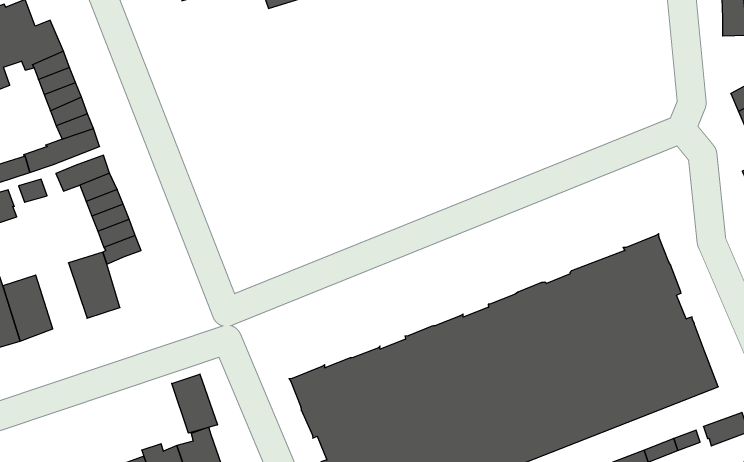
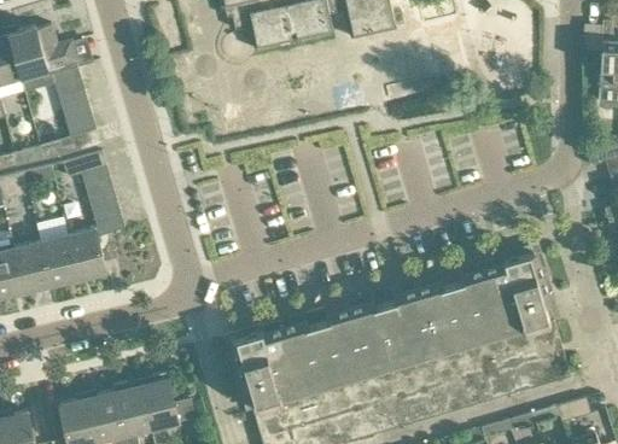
building: none -> [41,235,78,286]
building: [172,374,217,433] -> none

